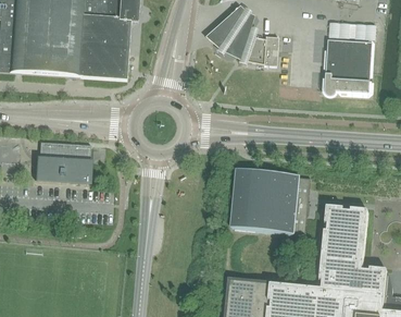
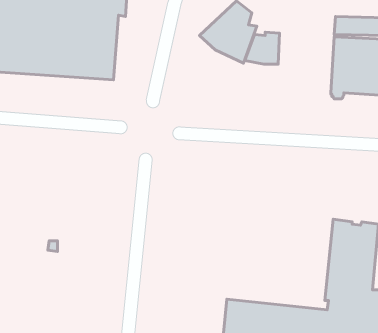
building: [37,141,90,181] -> none
building: [233,169,310,233] -> none

